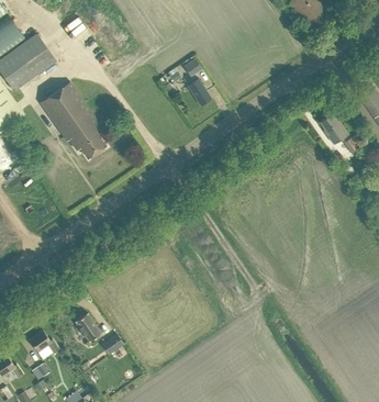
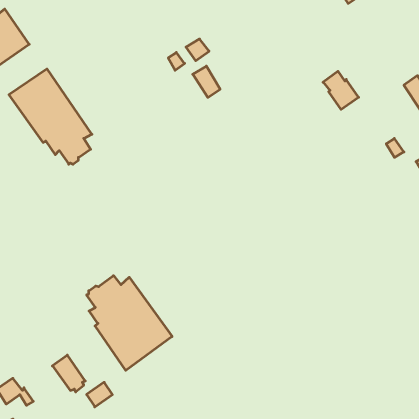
building: [320,114,348,145] -> [323,71,359,109]
building: none -> [87,276,172,370]

